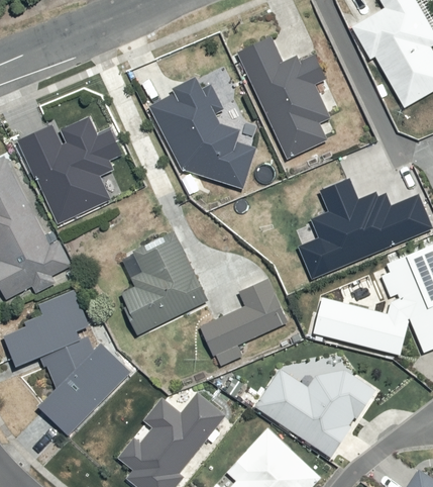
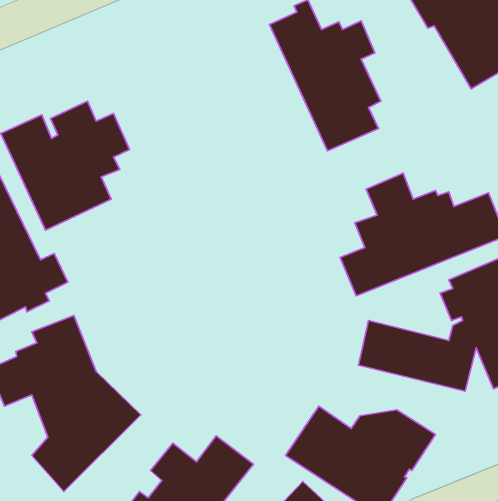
building: [149,80,254,187] -> none
building: [125,231,212,333] -> none
building: [205,280,293,363] -> none

